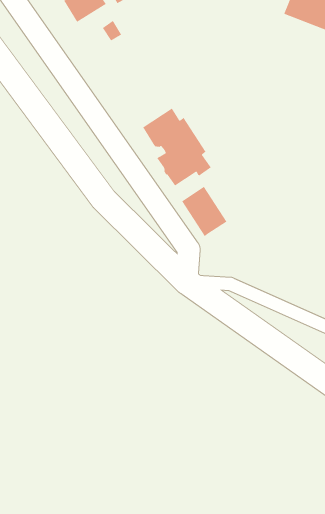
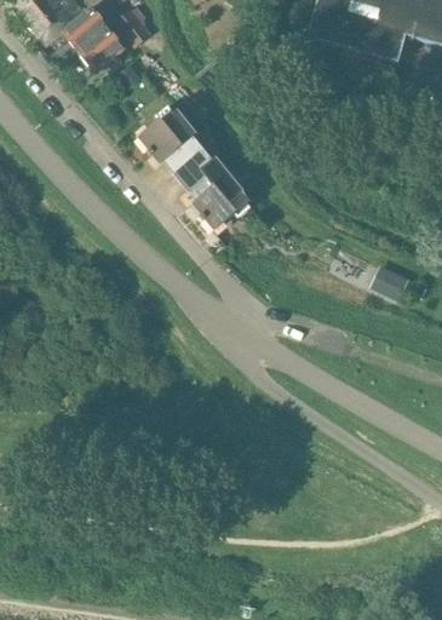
building: none -> [137,104,202,171]
building: [181,186,228,237] -> none

